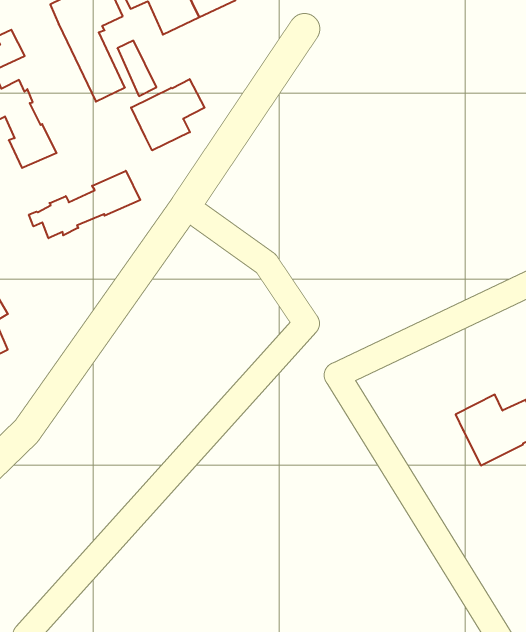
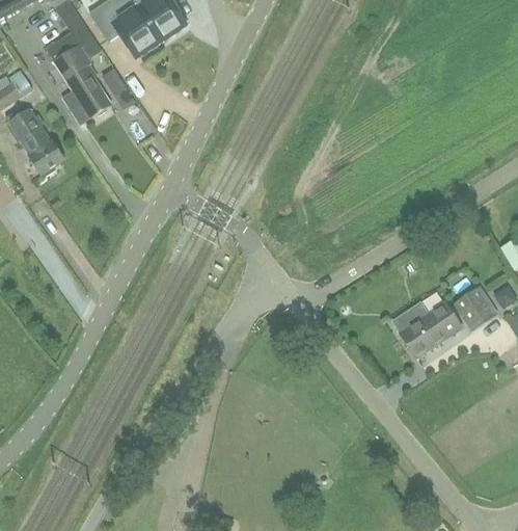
building: [131,79,205,150] -> none
building: [29,171,140,238] -> none

